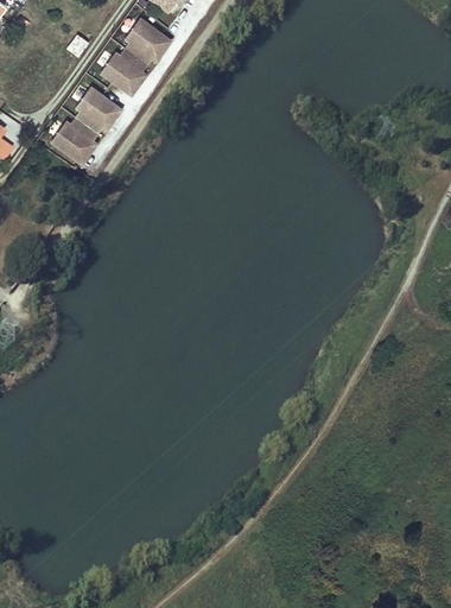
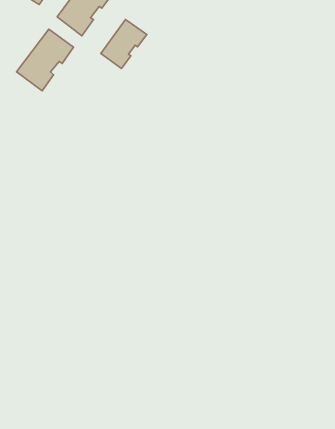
building: none -> [101,20,147,68]

